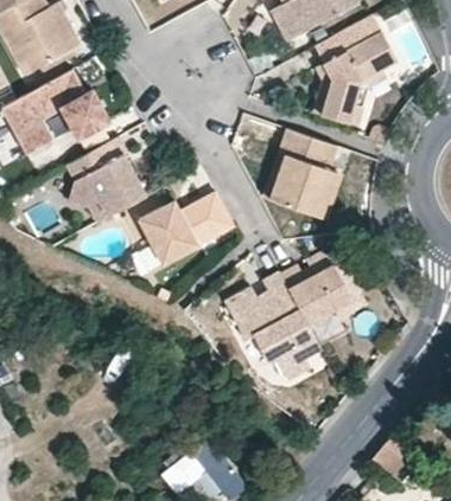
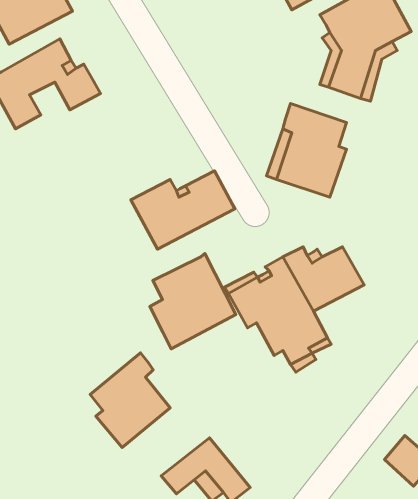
building: [65,136,145,221] -> none
building: none -> [150,253,236,349]
building: none -> [90,353,170,447]

